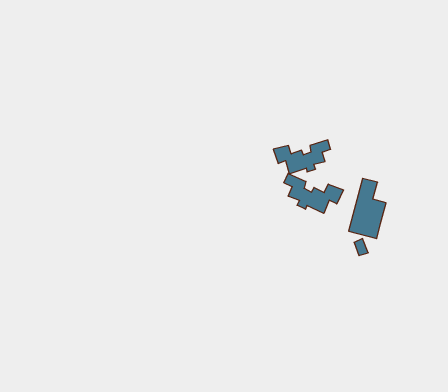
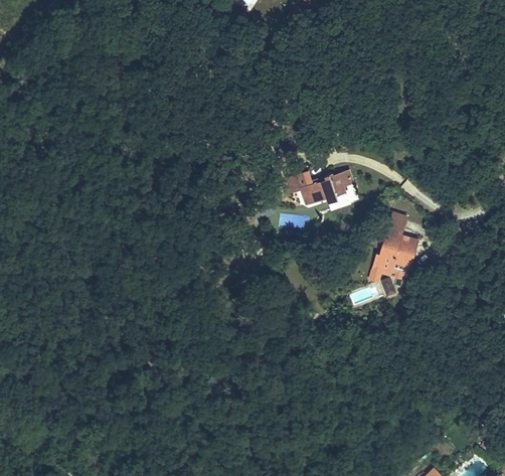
building: [284,173,343,213] -> none

